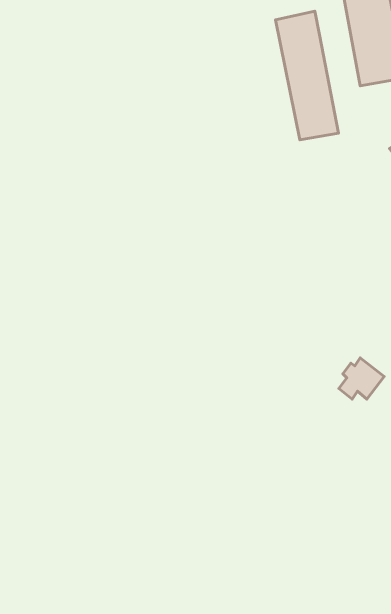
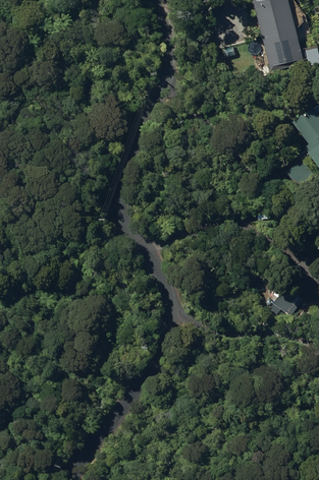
building: [275,11,339,140] -> none

